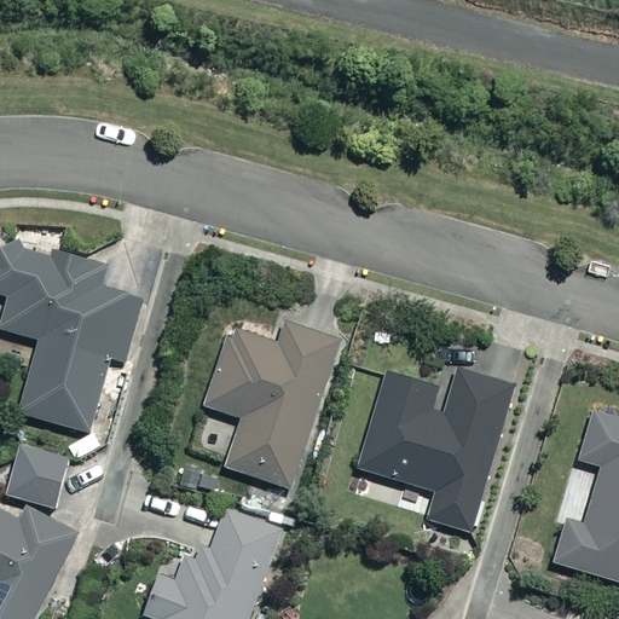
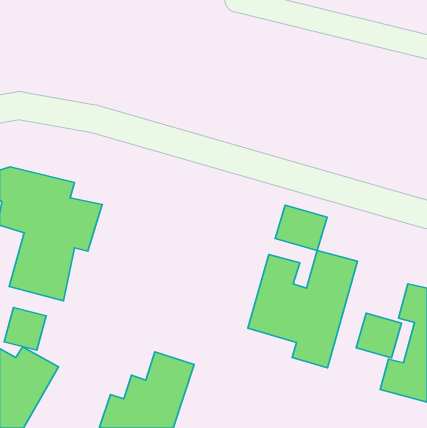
building: none -> [275,205,327,250]
building: [204,318,342,493] -> none
building: none -> [356,313,402,358]

